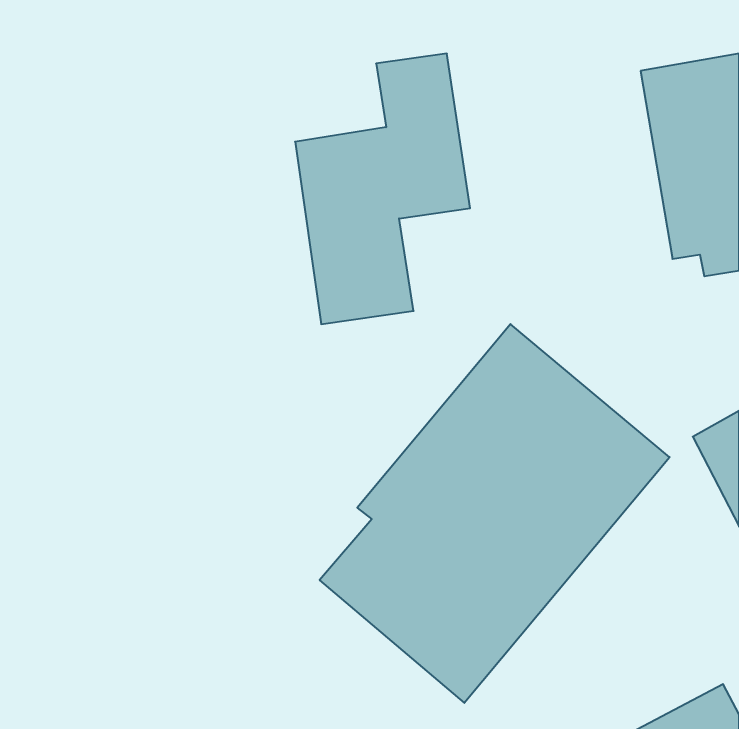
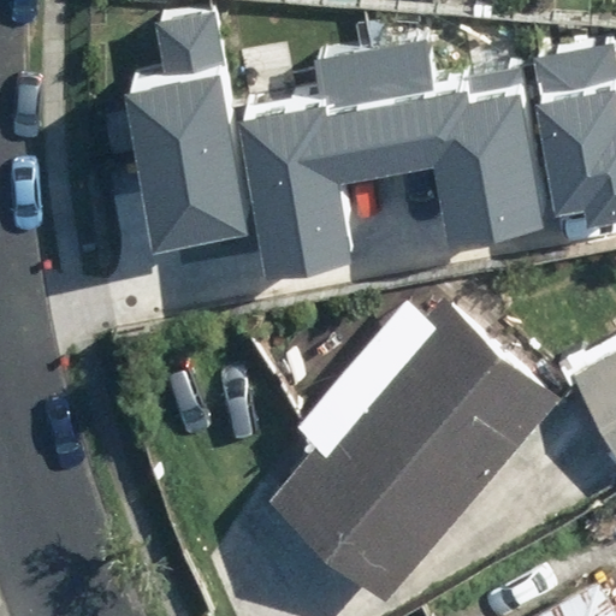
building: none -> [125,29,244,263]
building: none -> [372,43,538,249]

